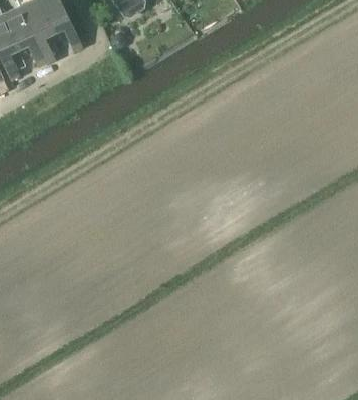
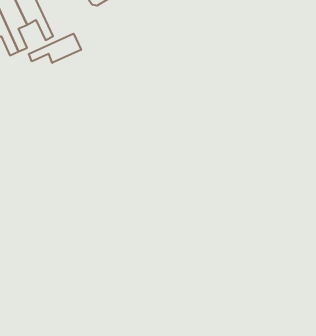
building: none -> [29,34,81,63]

